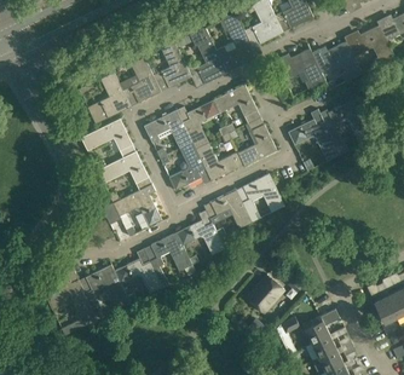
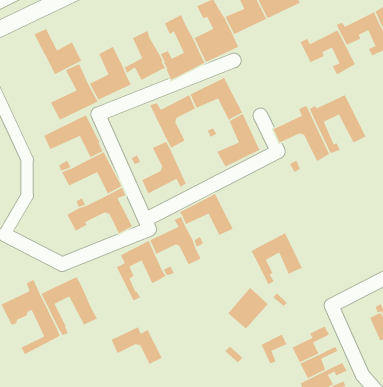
building: none -> [34,28,82,75]
building: [273,48,324,88] -> none
building: [143,109,191,148] -> none
building: [195,142,243,180] -> none
building: [236,173,283,221] -> [251,232,303,286]
building: [114,258,161,293] -> [110,326,163,365]

